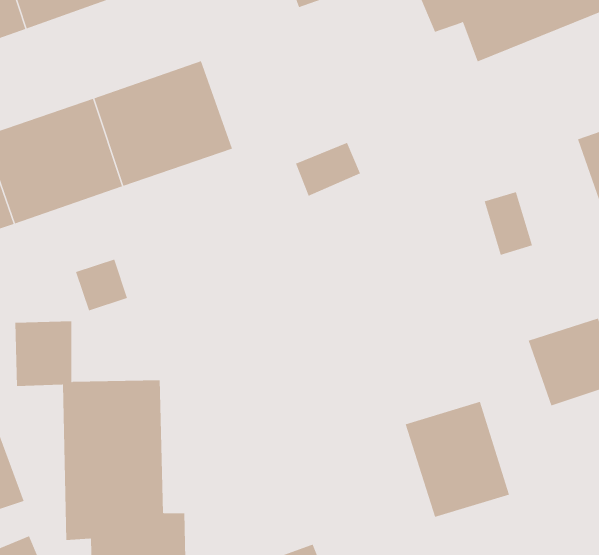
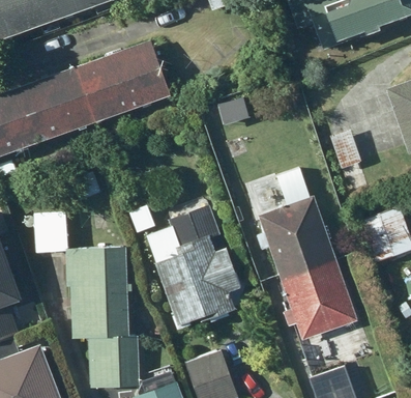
building: none -> [137,195,240,332]
building: none -> [260,200,326,275]

